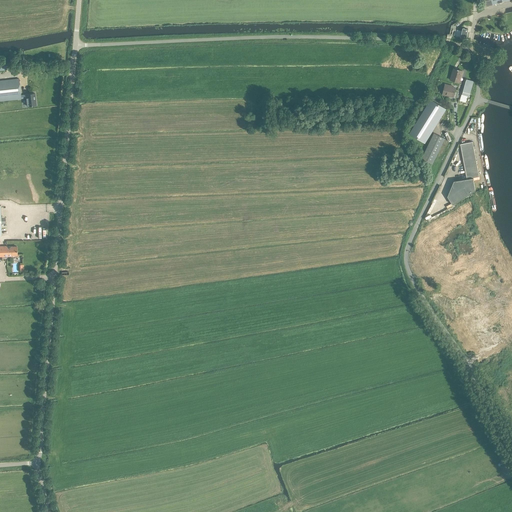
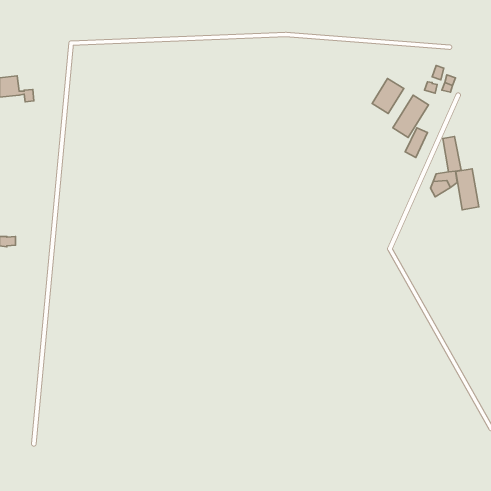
building: none -> [372,78,404,113]
building: none -> [456,169,479,210]

